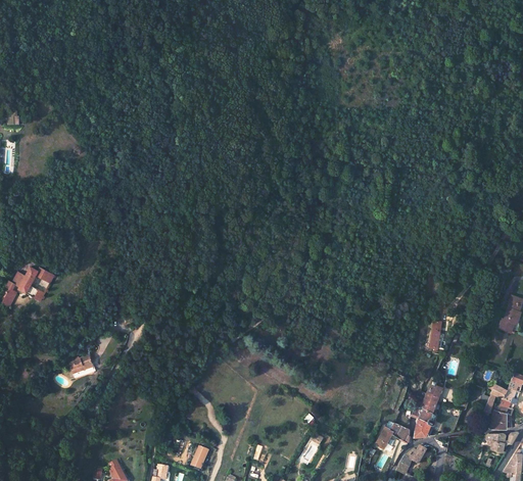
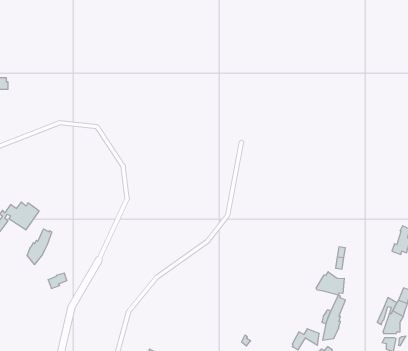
building: none -> [27,229,52,265]
building: none -> [316,272,344,295]

